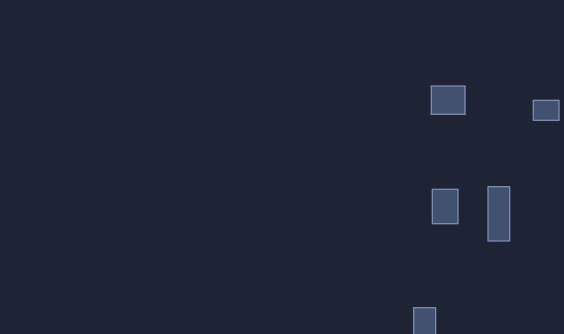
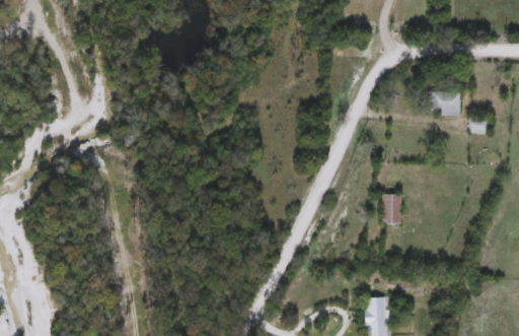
building: [431,86,465,114] -> [433,90,462,115]
building: [488,187,509,241] -> none

